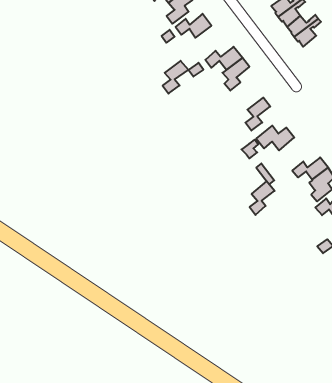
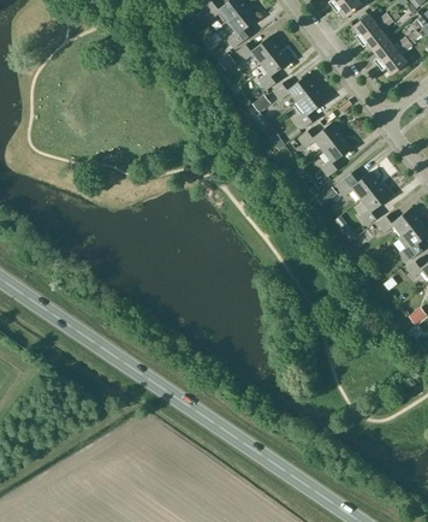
building: [163,61,189,94] -> [258,49,290,89]
building: none -> [298,123,343,150]
building: [250,181,275,215] -> [359,184,390,225]

